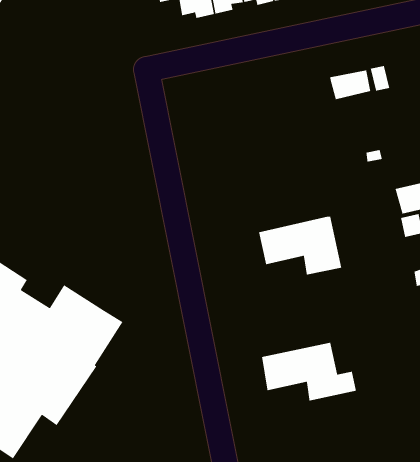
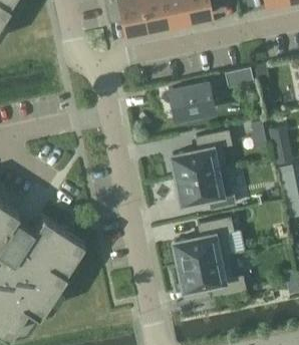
building: none -> [171,84,215,120]
building: none -> [175,132,234,182]
building: none -> [177,220,236,268]

